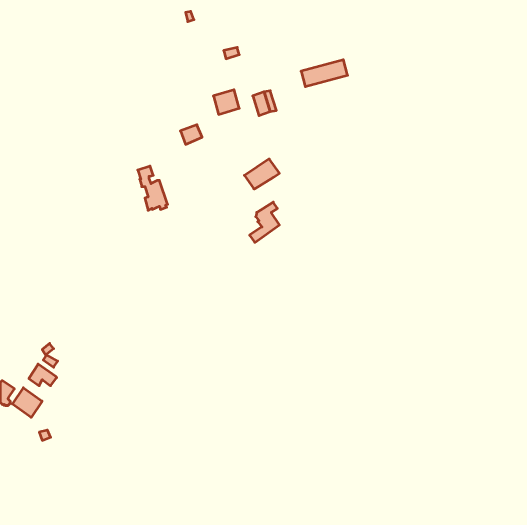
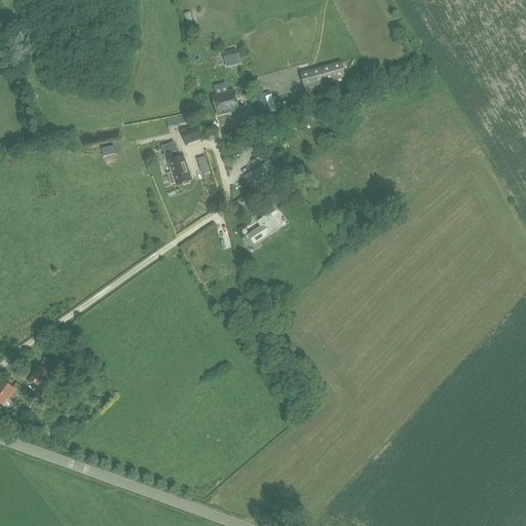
building: [138,166,168,210] -> [160,139,190,183]
building: [12,388,42,417] -> none

